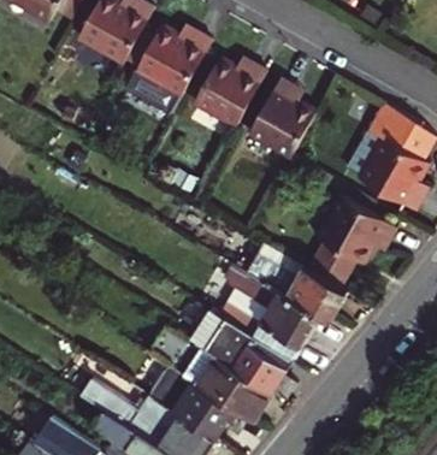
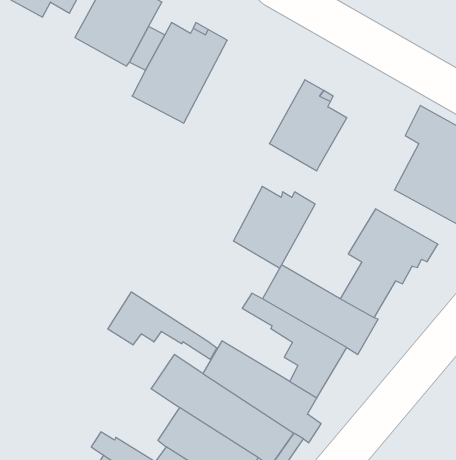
building: [195,57,267,129] -> [233,186,315,268]
building: none -> [108,292,217,359]

